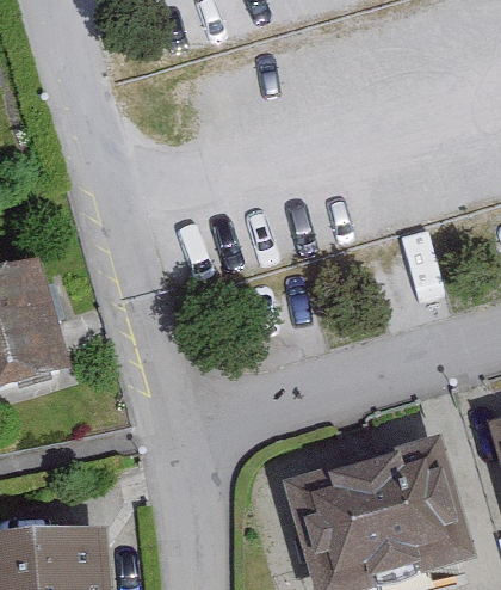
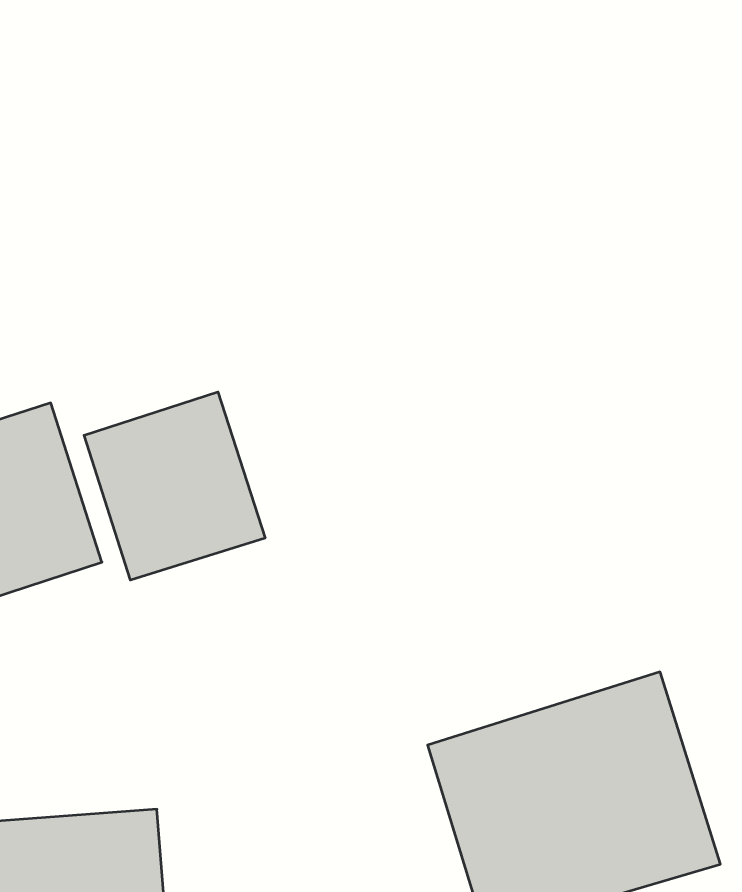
building: none -> [84,392,265,580]

